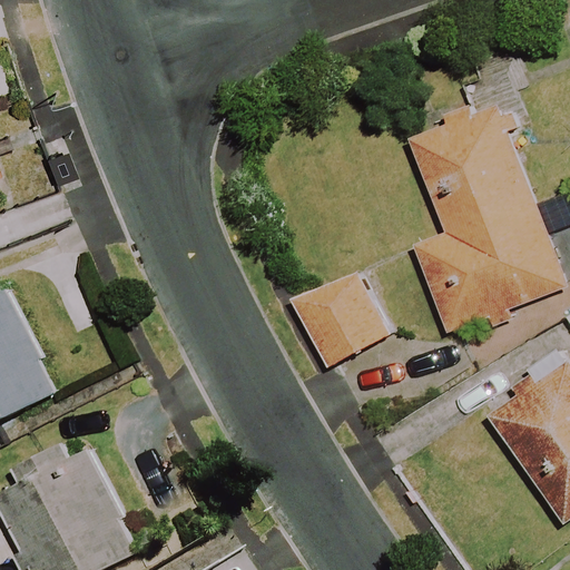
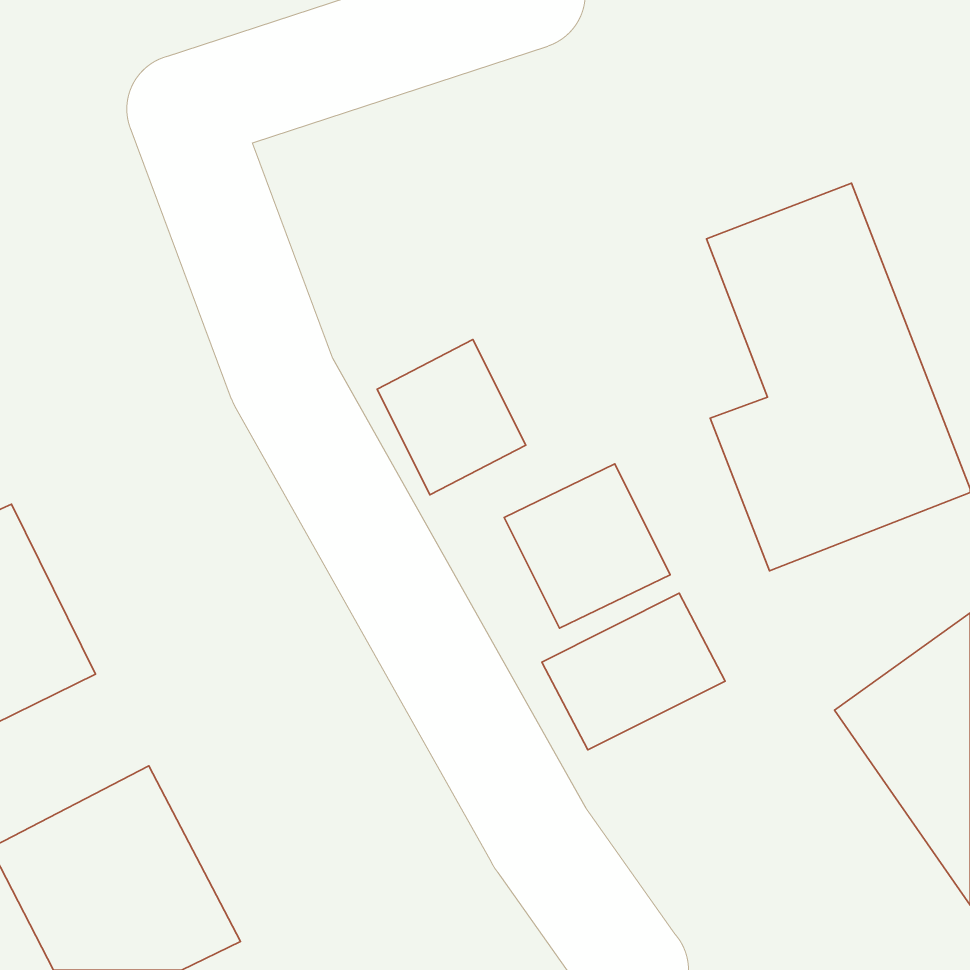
building: none -> [377,339,526,495]
building: none -> [542,593,725,750]

